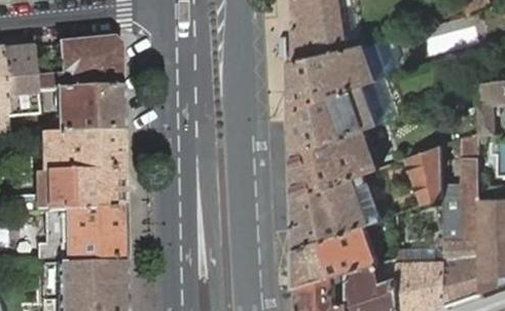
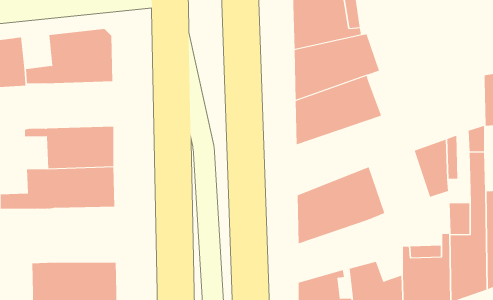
building: [40,91,121,136] -> none
building: [297,129,382,201] -> none
building: [17,212,123,267] -> none
building: [299,224,382,285] -> none

